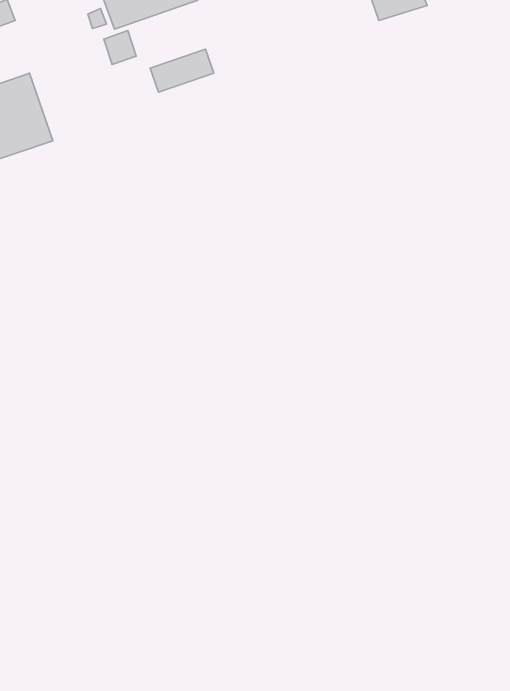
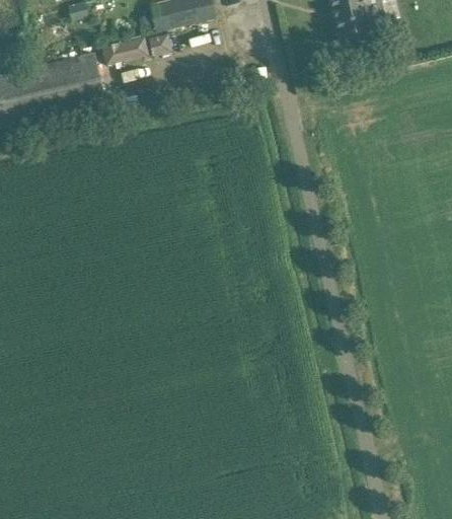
building: [150,49,214,92] -> [103,34,147,61]

